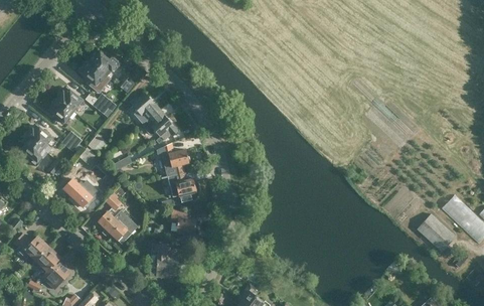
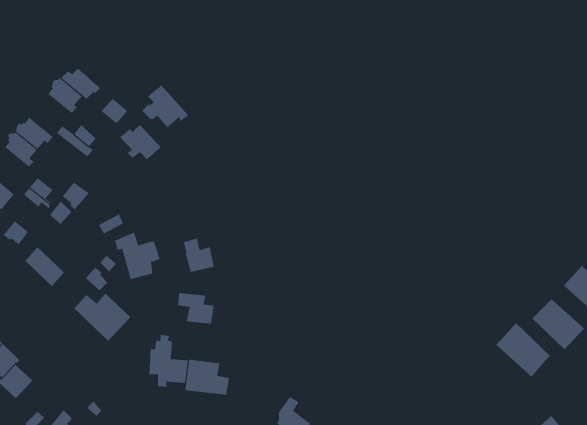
building: [145,111,178,141] -> [141,85,189,128]
building: [157,144,189,177] -> [114,232,160,279]
building: none -> [495,323,551,377]
building: none -> [185,359,229,396]

